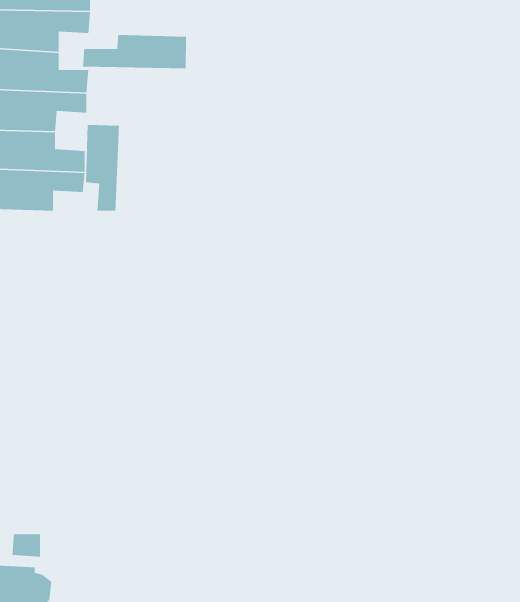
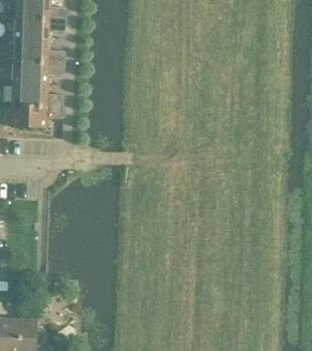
building: [82,34,187,69] -> none
building: [85,124,120,212] -> none

